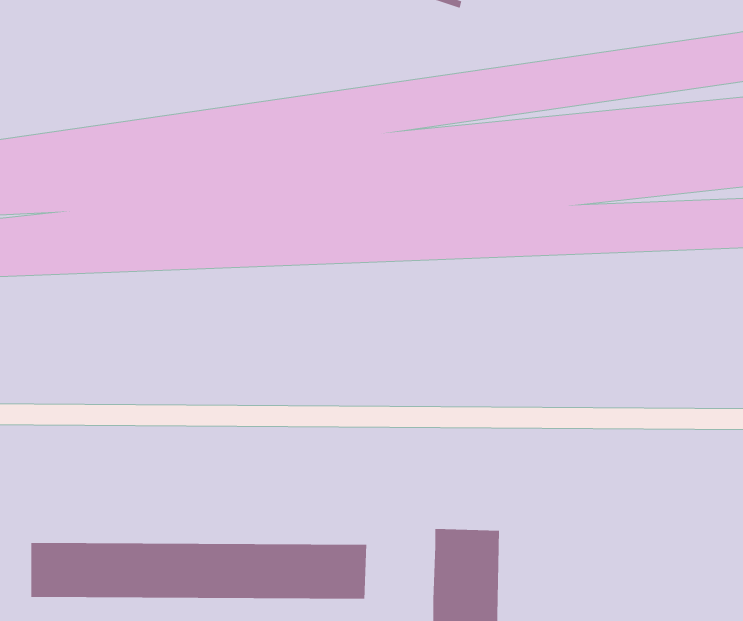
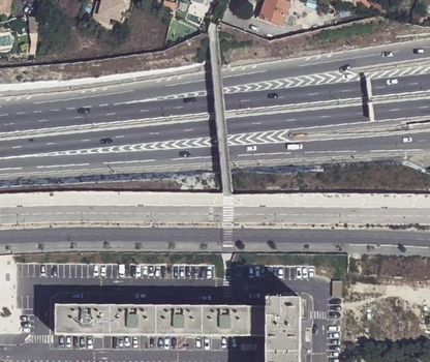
building: none -> [231,306,267,335]

